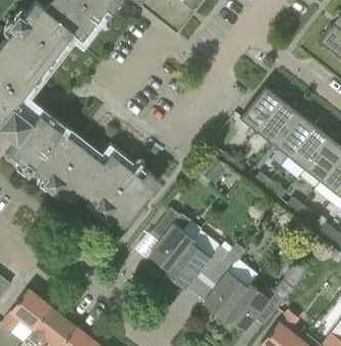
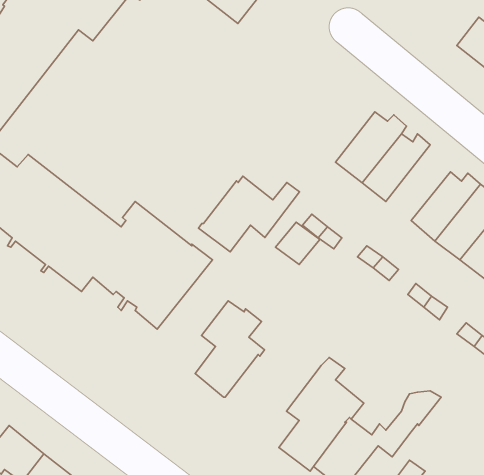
building: [272,107,314,157] -> none
building: [165,241,230,290] -> [199,176,300,252]

